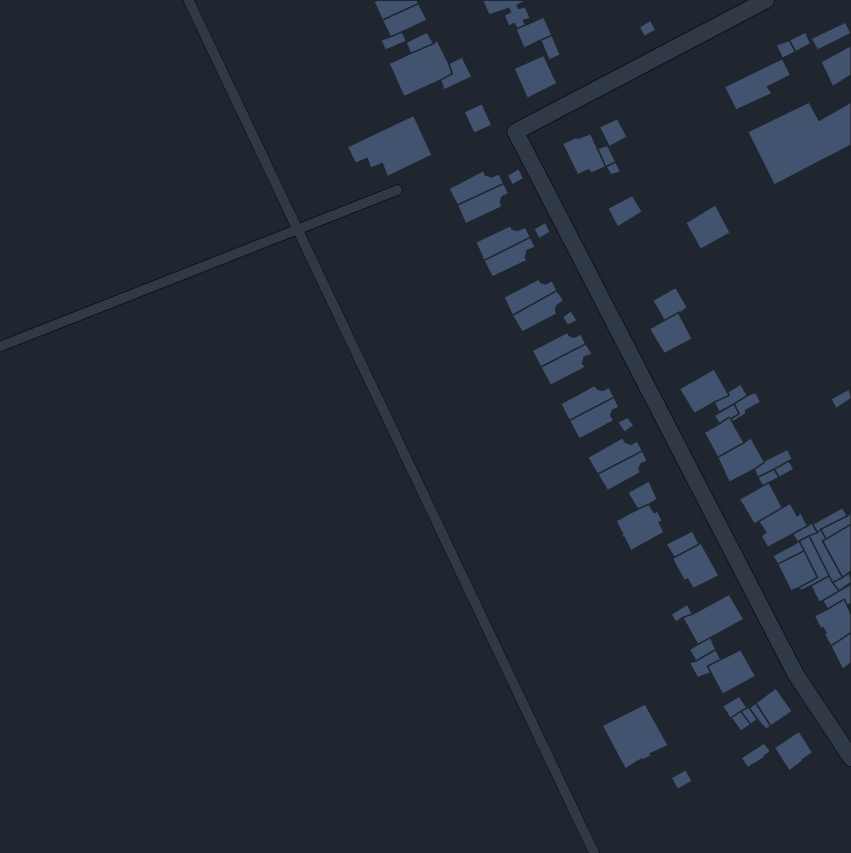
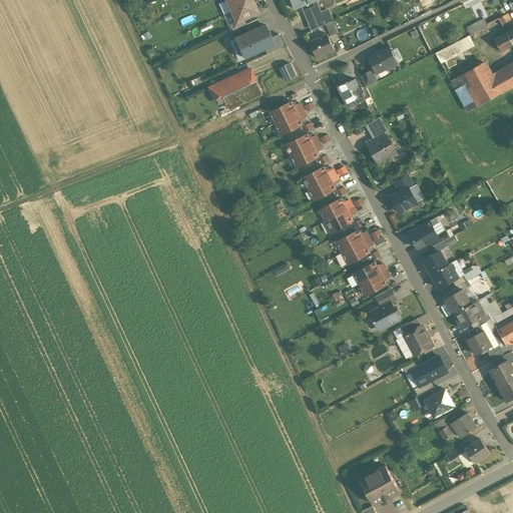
building: none -> [368,47,396,73]
building: [685,204,730,250] -> [368,135,395,162]
building: [602,704,668,769] -> [359,466,399,505]

